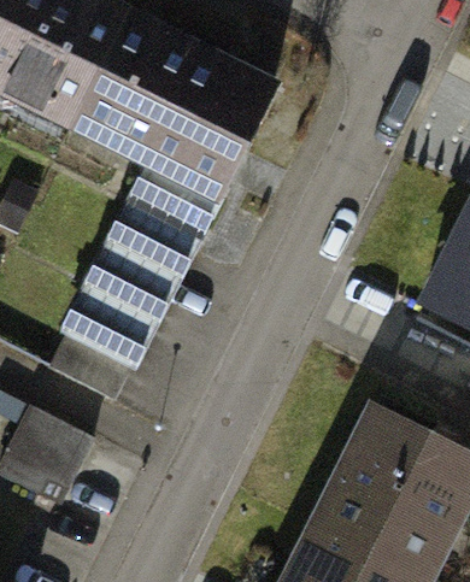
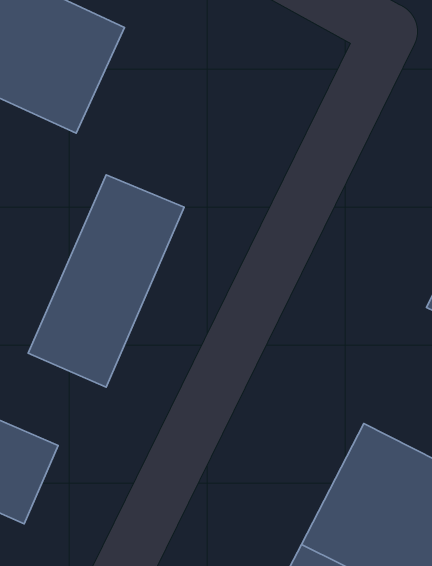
building: [104,42,277,199] -> none

